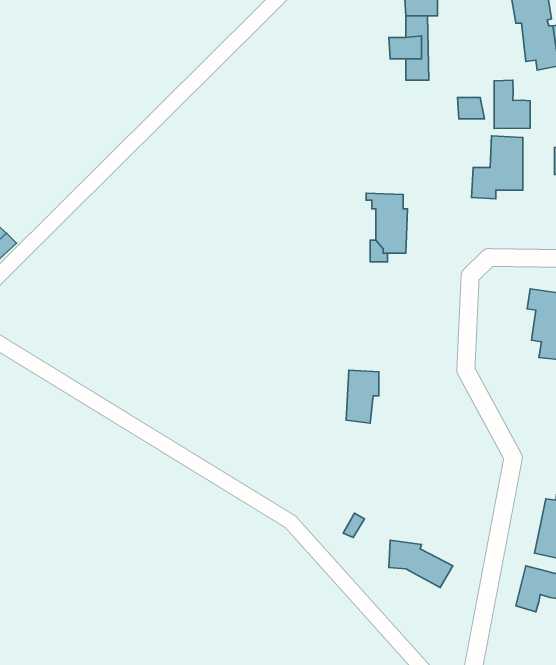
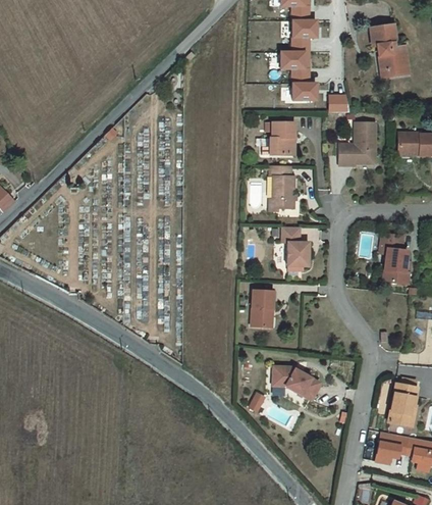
building: [494,80,530,129] -> none
building: none -> [294,84,318,100]
building: none -> [266,121,294,154]
building: none -> [279,225,305,263]
building: [389,540,453,587] -> [274,364,320,398]

